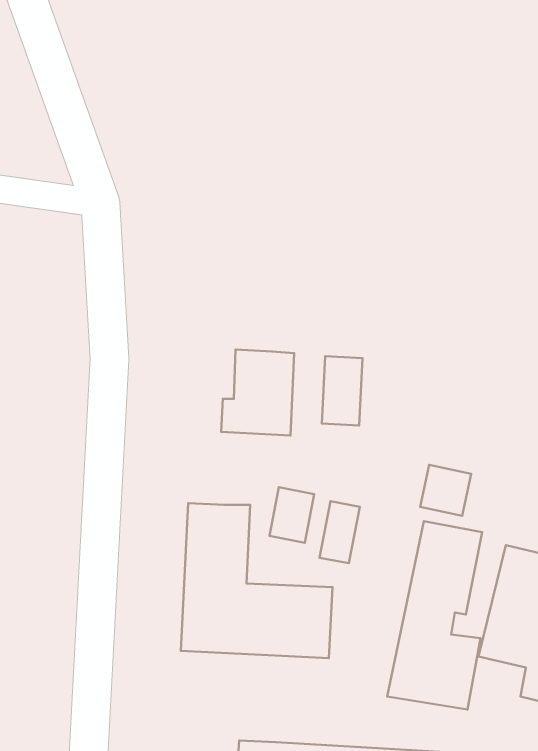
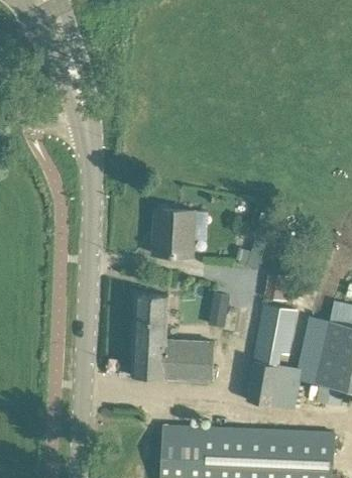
building: [322,356,363,426] -> none
building: [269,487,314,543] -> none

